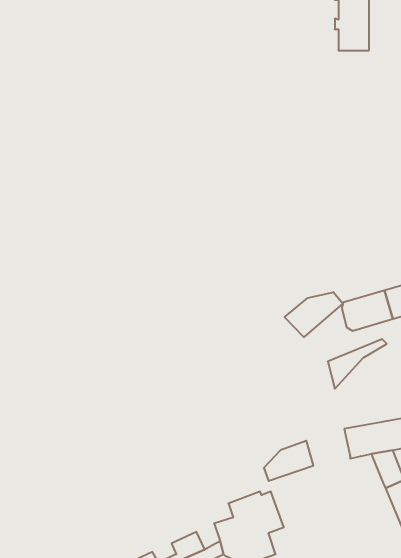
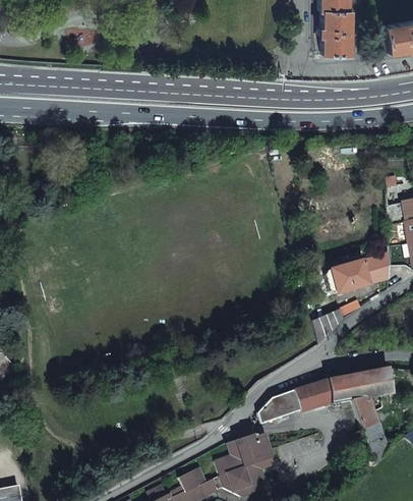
building: [285,292,343,337] -> none
building: none -> [295,379,333,412]

